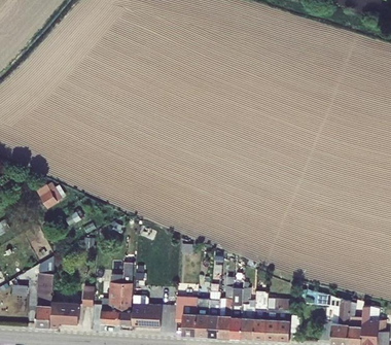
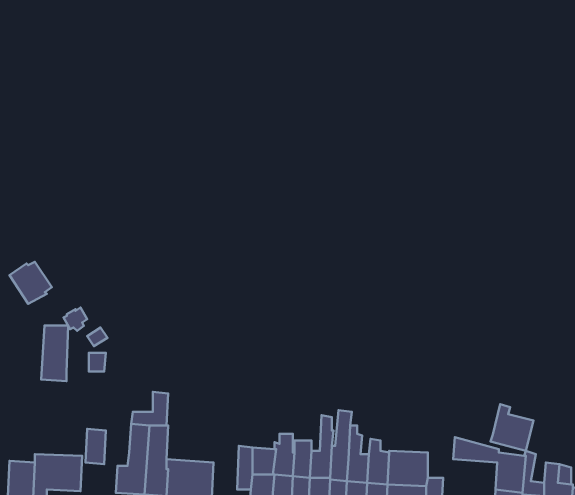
building: none -> [491,404,533,451]
building: [35,272,51,306] -> [41,325,68,381]

